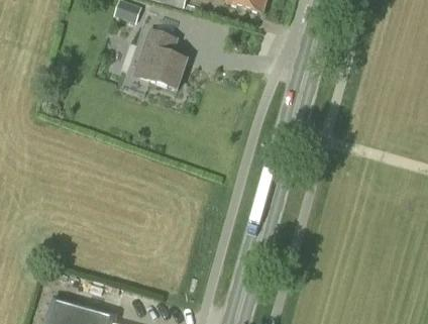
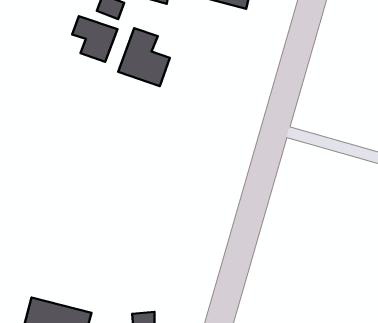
building: none -> [72,16,117,62]

